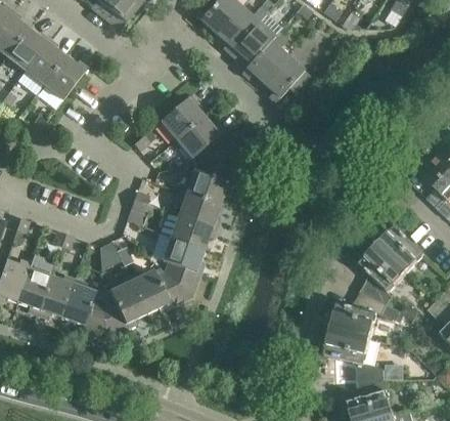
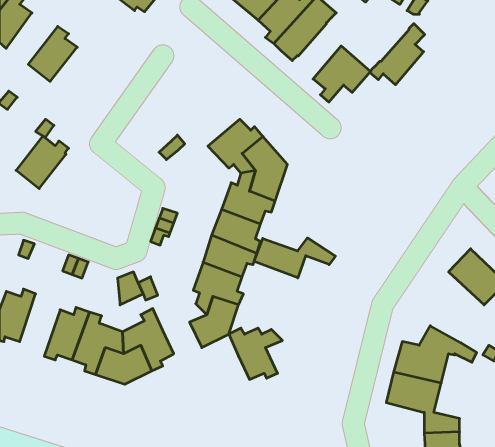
building: [6,27,49,70] -> none
building: [241,31,287,82] -> [370,24,425,85]
building: [43,55,87,99] -> [16,136,69,189]
building: [159,94,201,138] -> none
building: none -> [254,238,335,278]
building: [359,244,406,303] -> none
building: [17,254,55,314] -> none
building: [129,269,174,312] -> [229,328,282,379]

